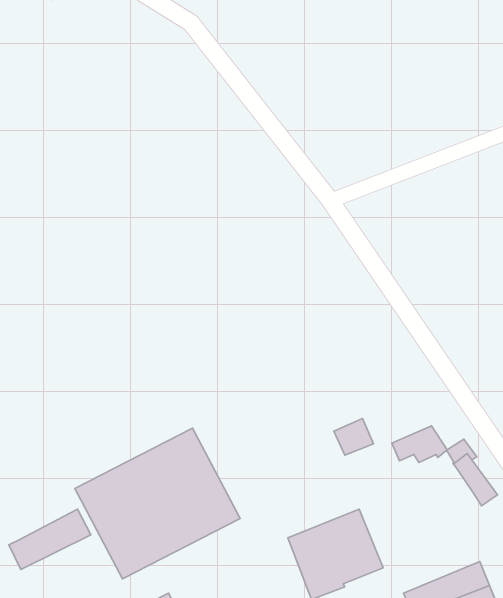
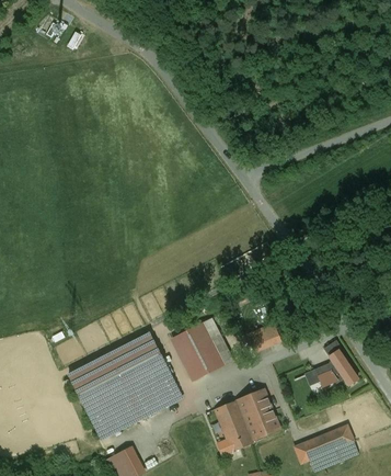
building: none -> [172,324,222,378]
building: [392,426,447,462] -> [304,361,343,386]
building: [9,509,91,569] -> none

